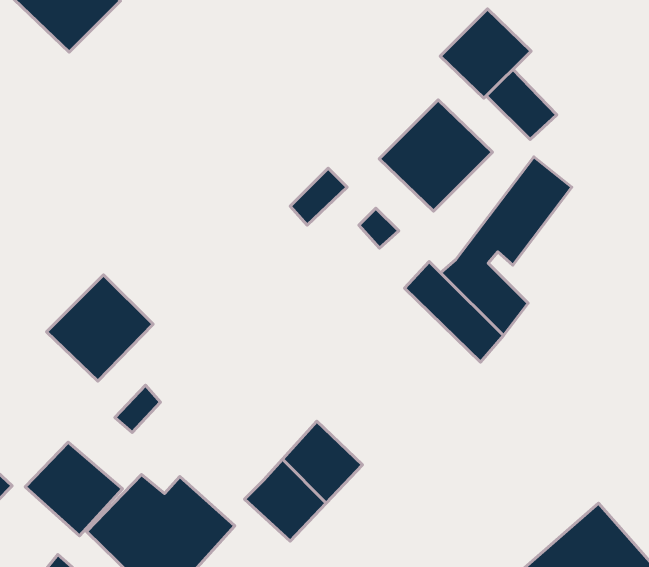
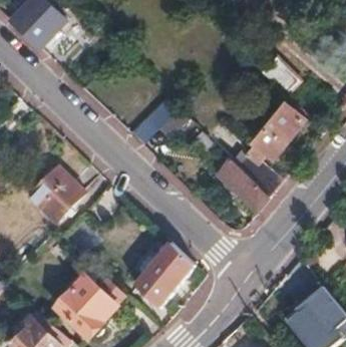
building: [440,9,531,98] -> none
building: [379,100,493,211] -> none
building: [25,442,122,536] -> none

